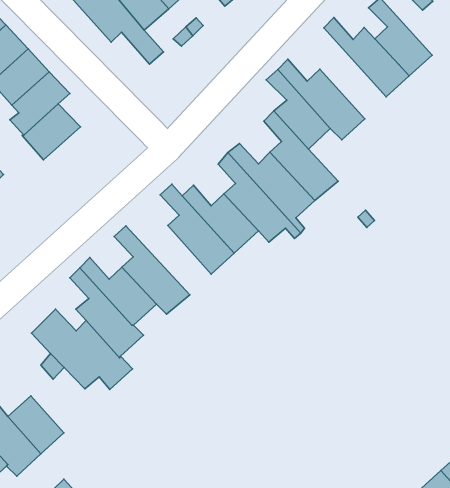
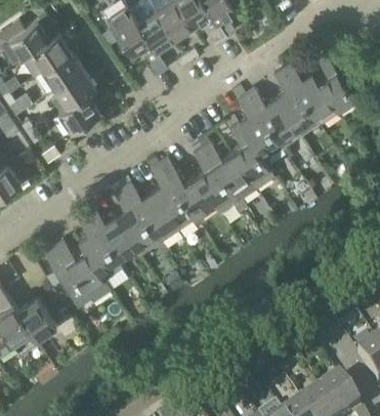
building: none -> [273,68,321,136]
building: none -> [122,180,177,242]

